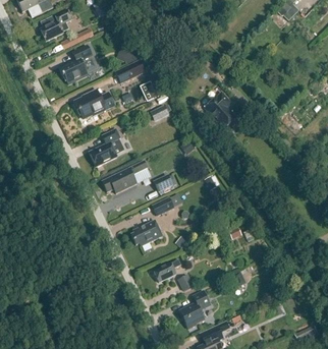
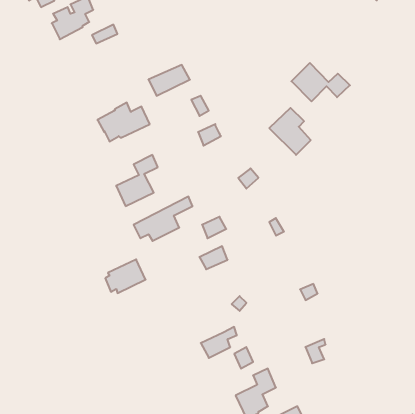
building: [60,45,93,83] -> none
building: none -> [291,63,350,101]
building: [132,220,163,245] -> [105,259,146,293]

